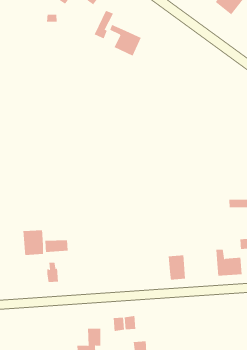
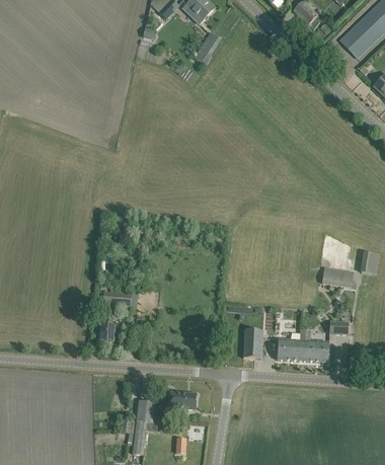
building: [109,24,141,56] -> none
building: [23,229,44,256] -> none
building: none -> [277,338,300,360]

